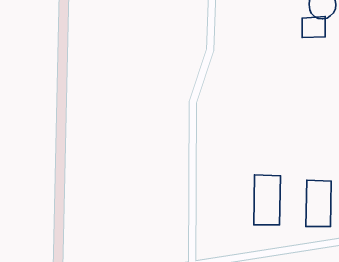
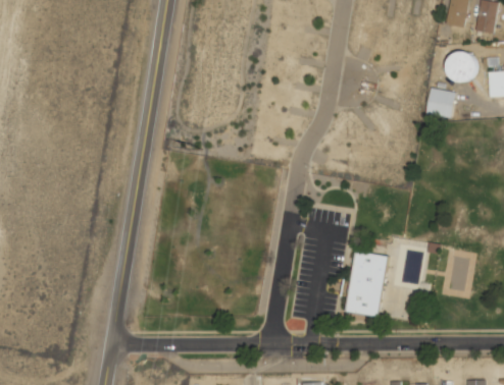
building: [306,180,331,227] -> none

